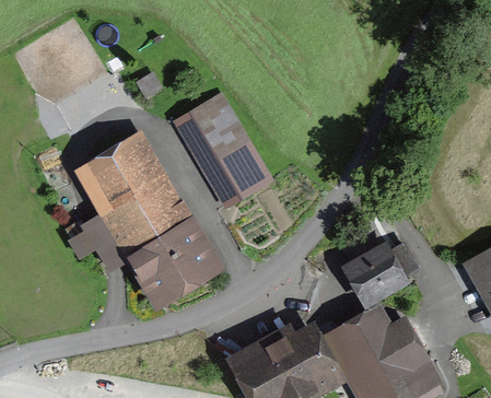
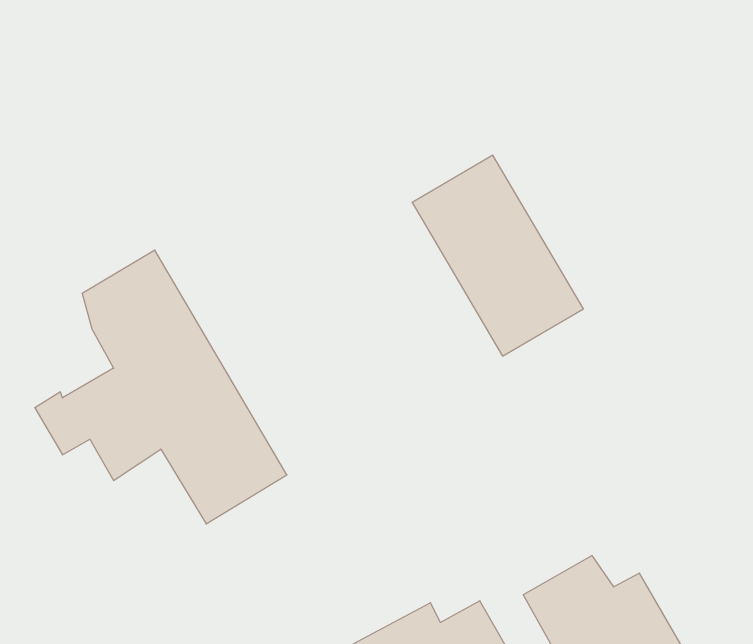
building: [173,94,268,206] -> [412,155,583,356]
building: [353,243,414,294] -> none

